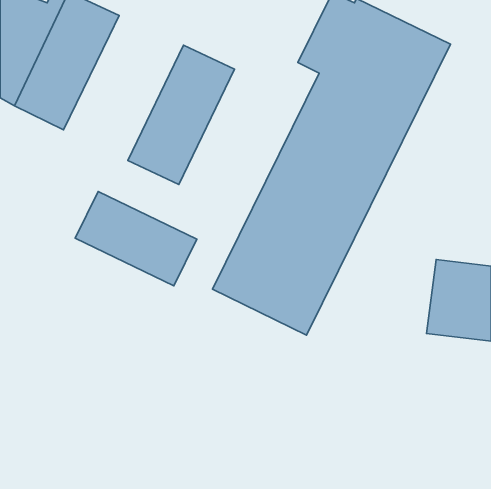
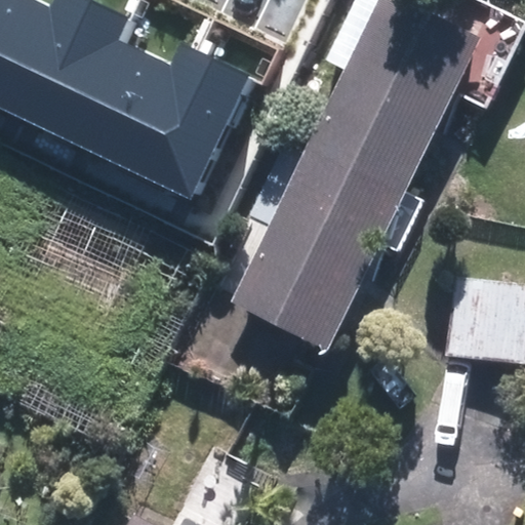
building: none -> [68,38,196,171]
building: [75,191,197,286] -> none

